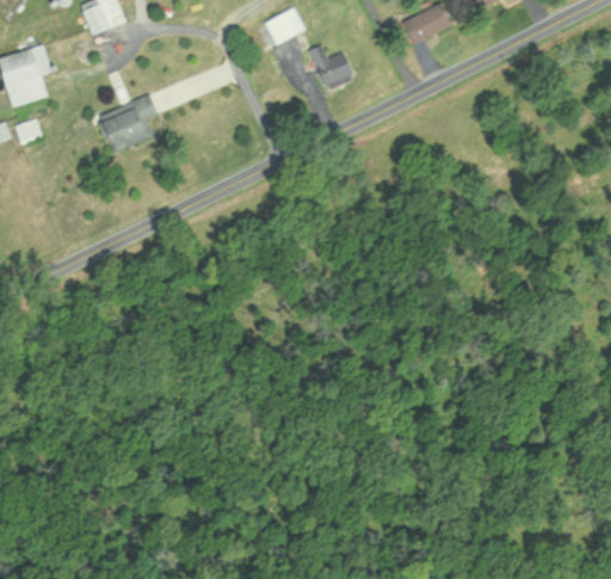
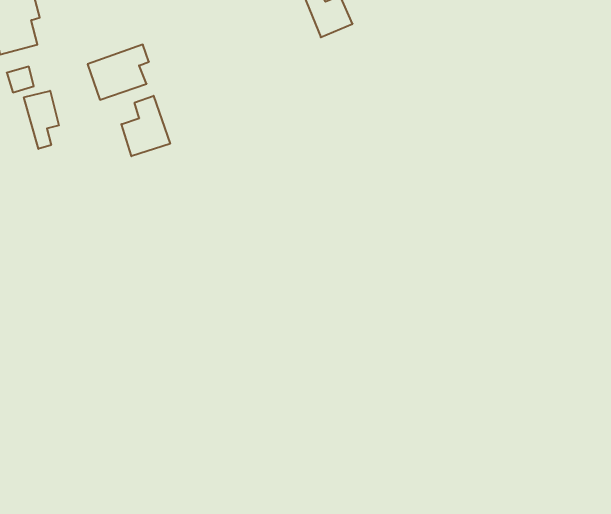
building: none -> [24,91,59,149]
building: none -> [121,96,170,156]

